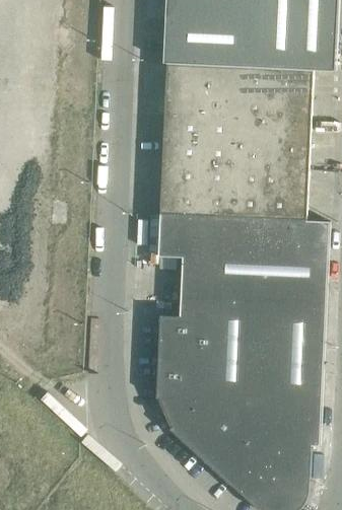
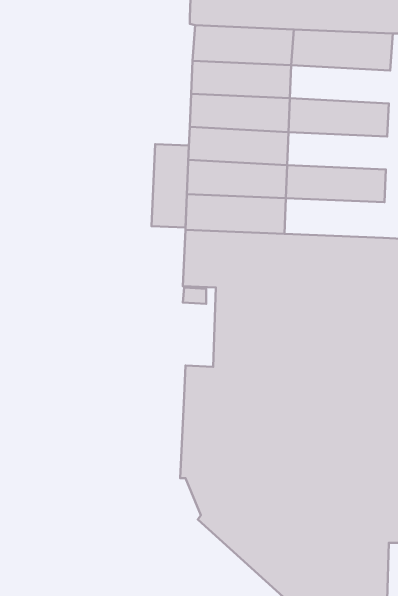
building: [237,93,312,122] -> none
building: [235,143,310,170] -> none
building: none -> [152,144,189,227]
building: [233,192,307,221] -> none

